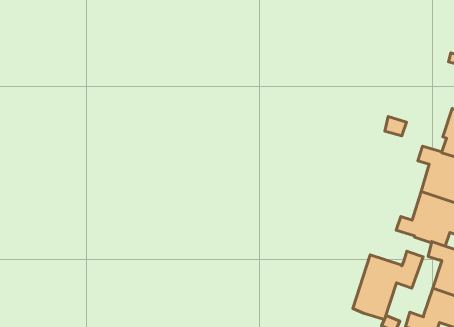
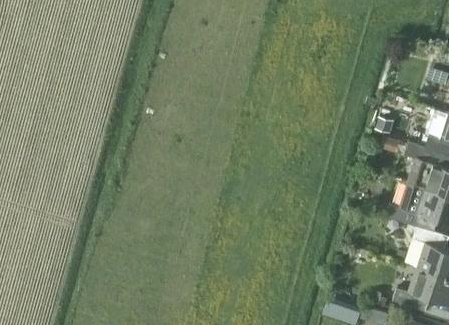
building: [353,251,423,319] -> none

